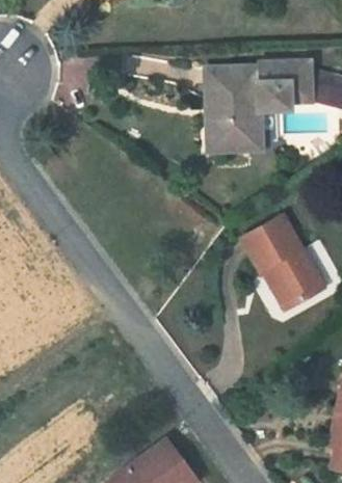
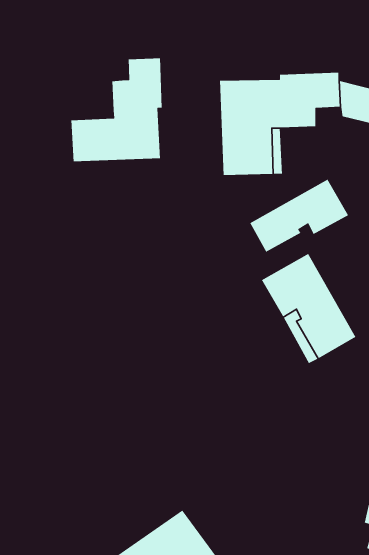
building: none -> [71,57,163,162]
building: none -> [249,179,349,253]

